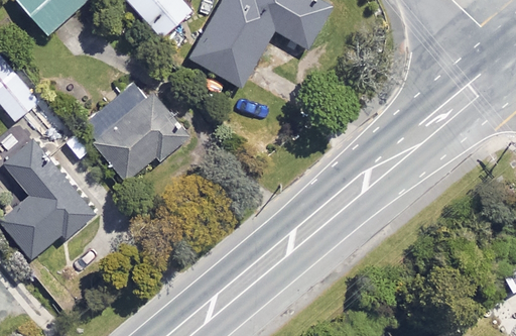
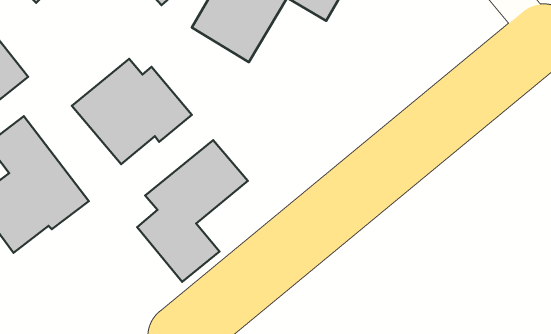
building: none -> [137,140,248,282]

